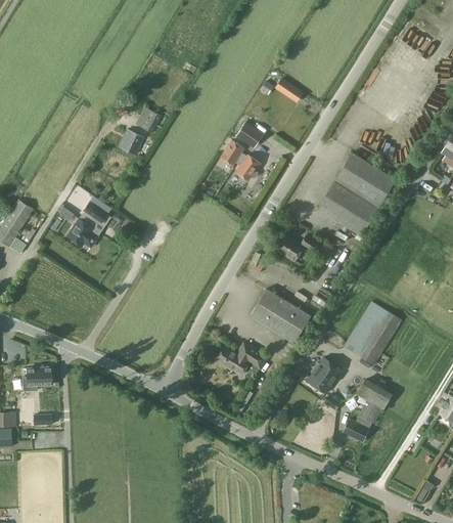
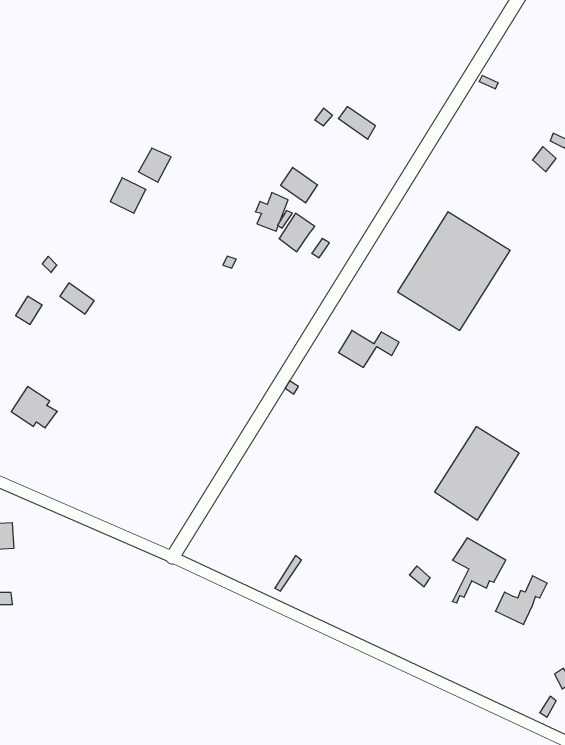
building: [66,218,98,247] -> [11,386,57,428]
building: [250,288,310,342] -> none
building: [215,343,265,374] -> none
building: [307,357,342,393] -> none
building: [343,407,378,441] -> [495,576,547,625]

